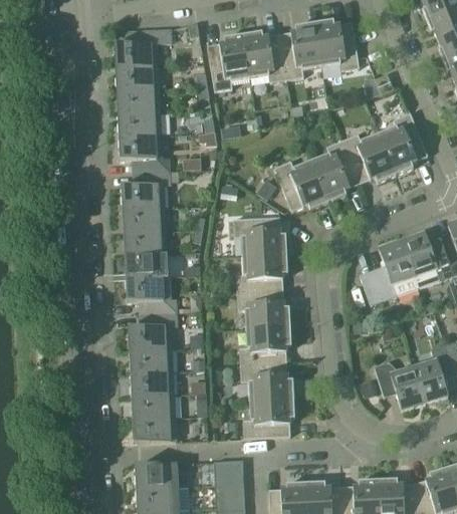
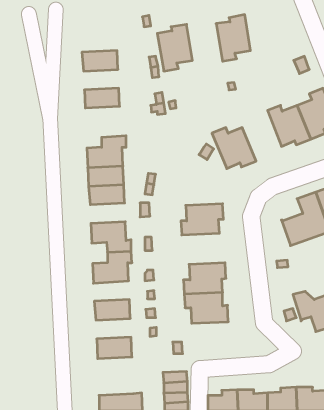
building: [314,19,360,70] -> none
building: [113,29,171,68] -> none
building: [243,31,287,82] -> none
building: [117,89,160,114] -> none
building: [119,135,169,173] -> none
building: [311,140,360,202] -> none
building: [233,217,287,256] -> none
building: [125,253,168,278] -> none
building: [237,290,290,328] -> none
building: [129,348,173,373] -> none
building: [132,395,175,420] -> none
building: [243,399,295,438] -> none
building: [135,463,178,489] -> none

